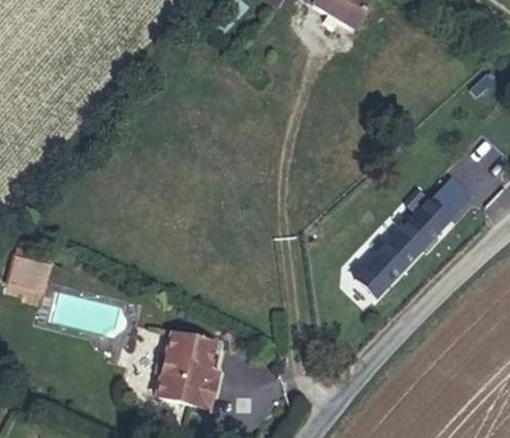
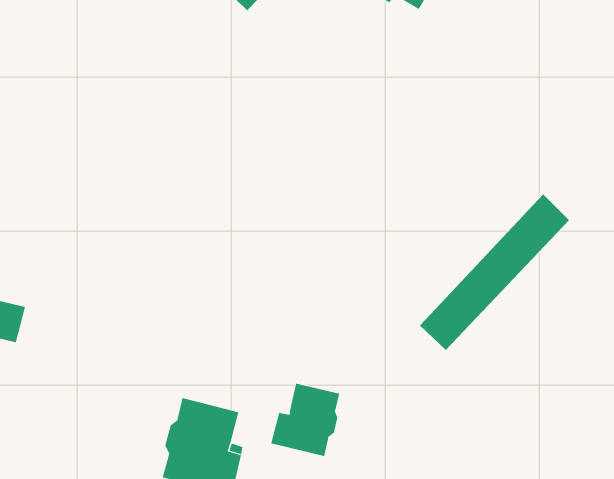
building: none -> [271,383,340,457]

